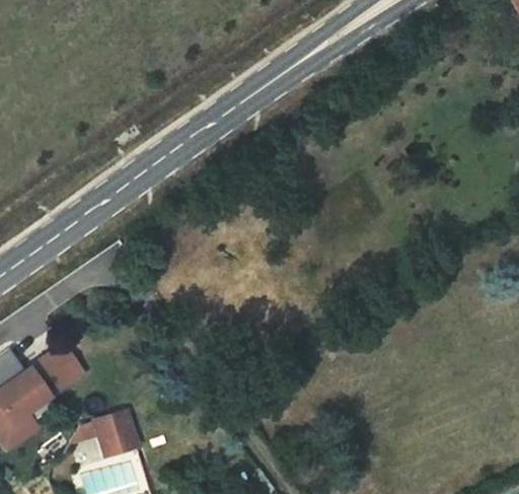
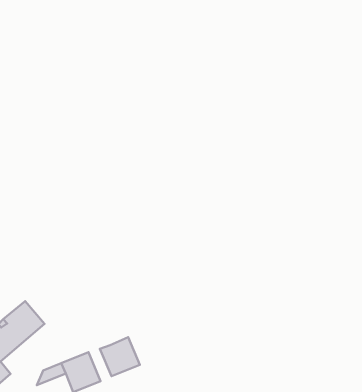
building: none -> [100,337,140,376]

